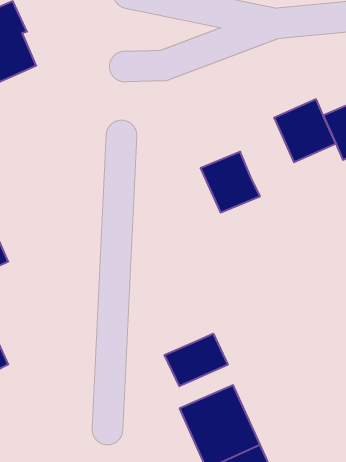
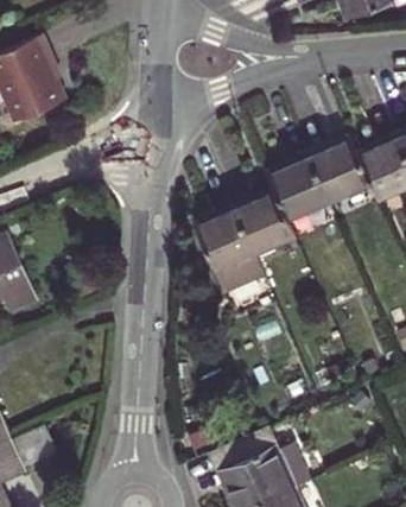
building: none -> [267,156,329,218]
building: none -> [196,207,264,291]
building: [165,334,228,386] -> none

